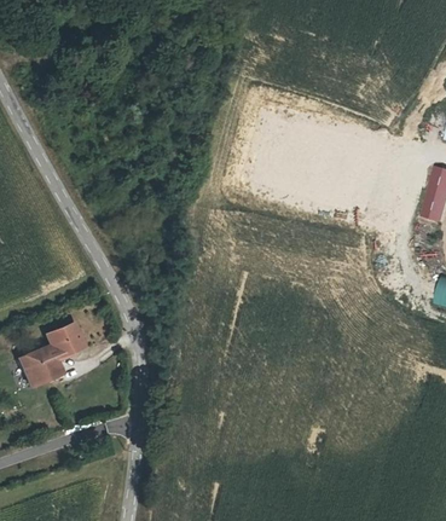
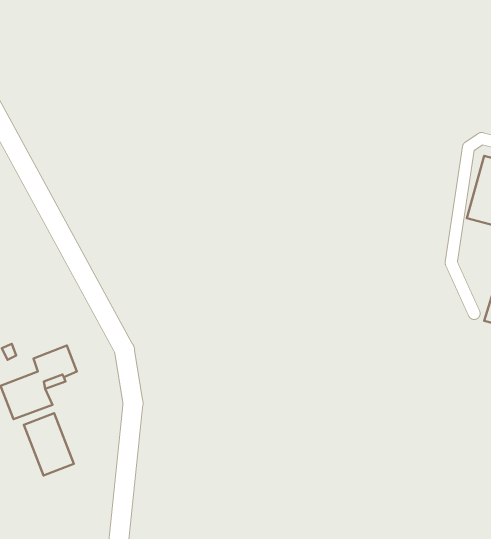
building: none -> [24,413,74,475]

